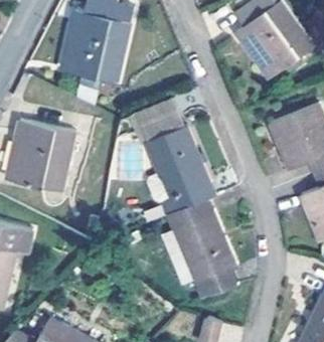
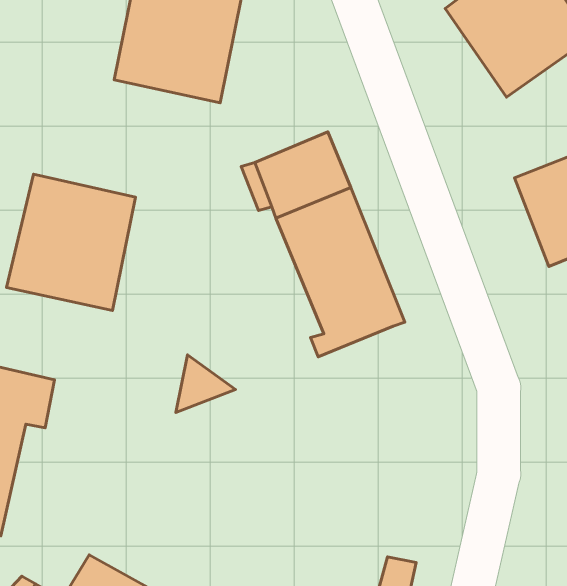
building: [159,198,235,299] -> none

